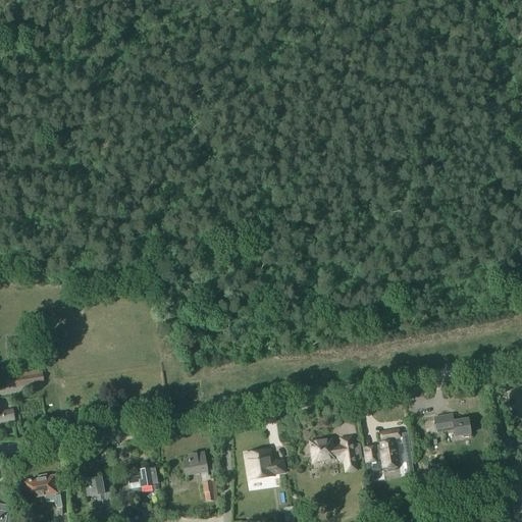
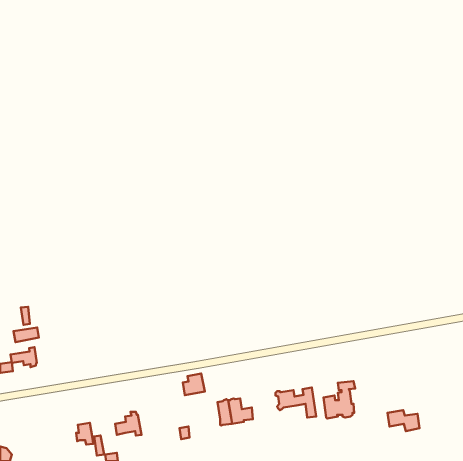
building: none -> [10,347,37,367]
building: [434,413,470,436] -> [388,410,419,431]
building: [184,451,208,475] -> [183,373,205,395]
building: [24,473,63,507] -> none

